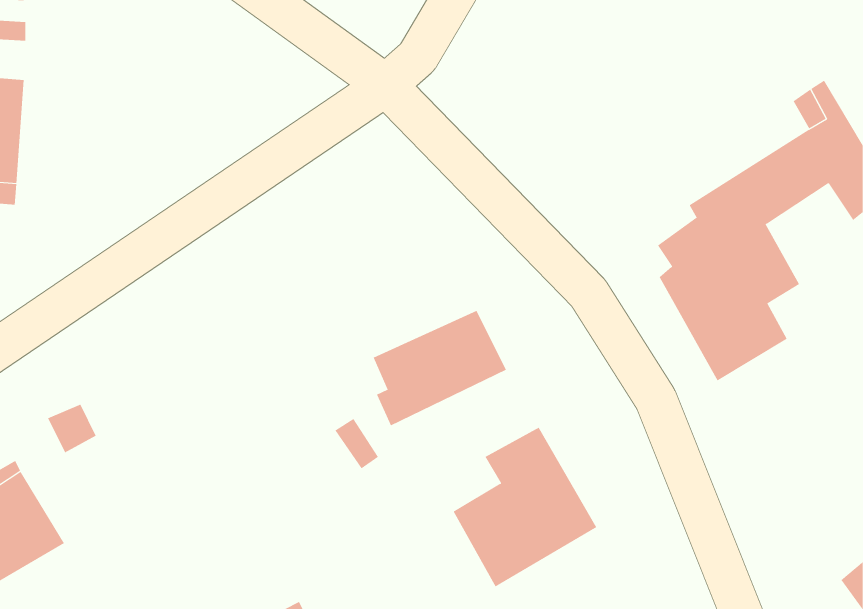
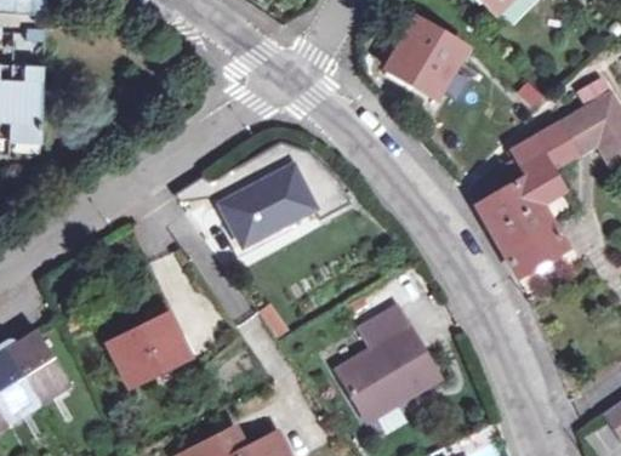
building: none -> [389,22,463,96]
building: [373,310,507,426] -> [223,166,315,246]
building: none -> [108,312,187,384]

